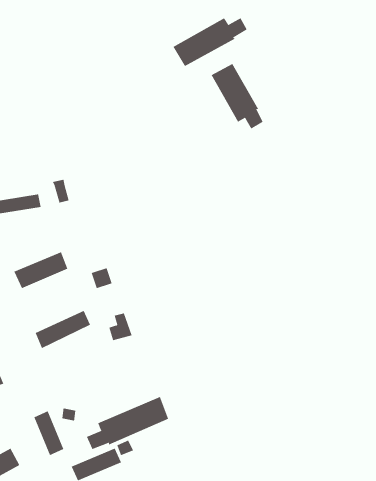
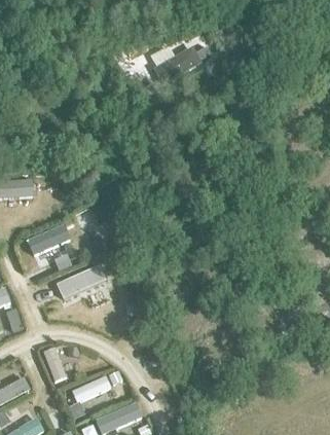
building: [211,63,264,129] -> none
building: [86,396,169,450] -> none

